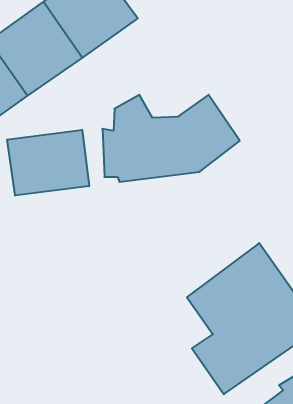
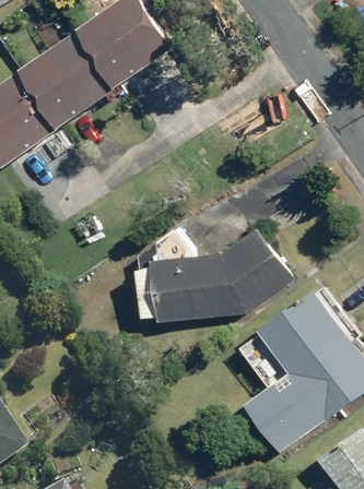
building: [102,95,240,182] -> [141,228,291,323]
building: [7,130,89,196] -> none

